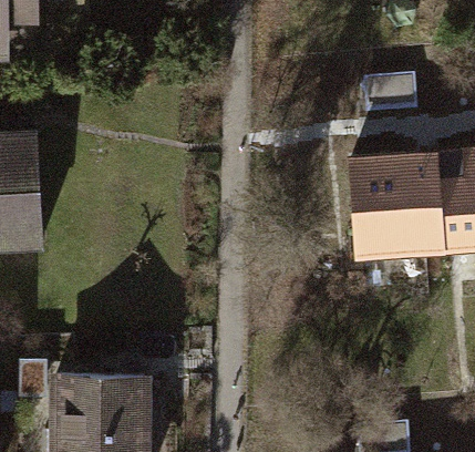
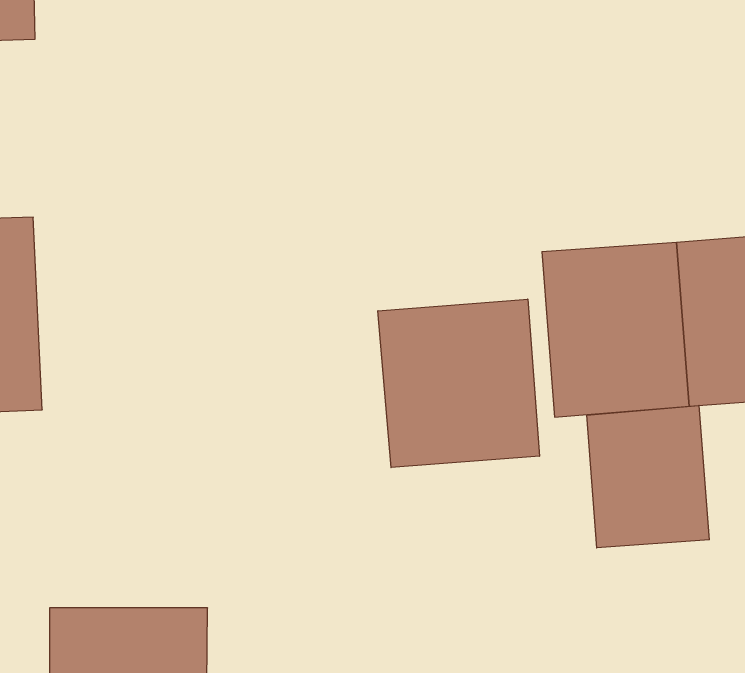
building: none -> [378,299,539,468]
building: none -> [587,405,709,548]

